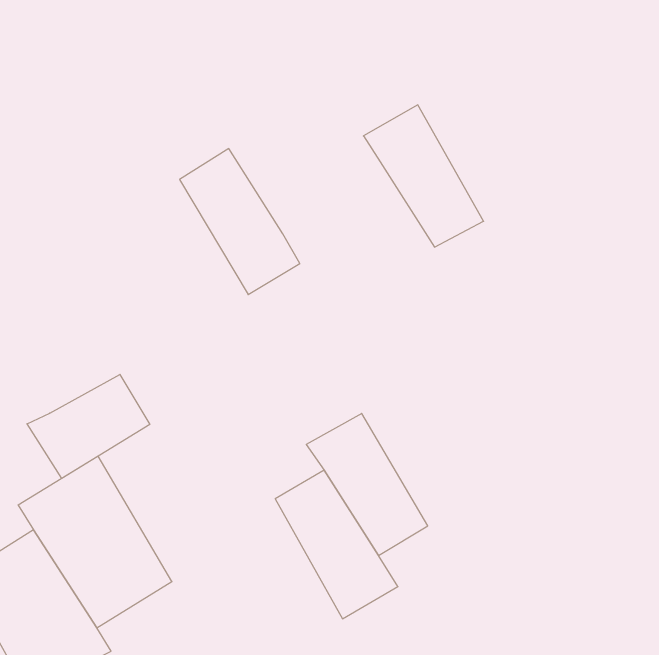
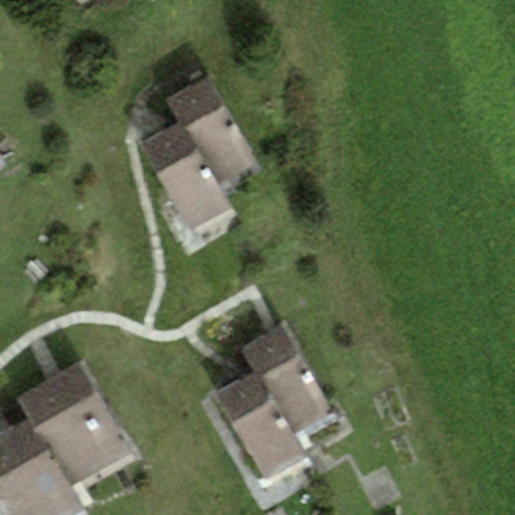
building: [363,105,484,247] -> [165,75,259,186]
building: [27,374,150,478] -> none

